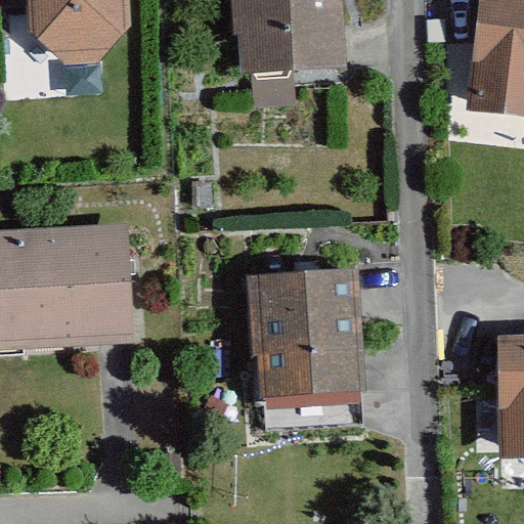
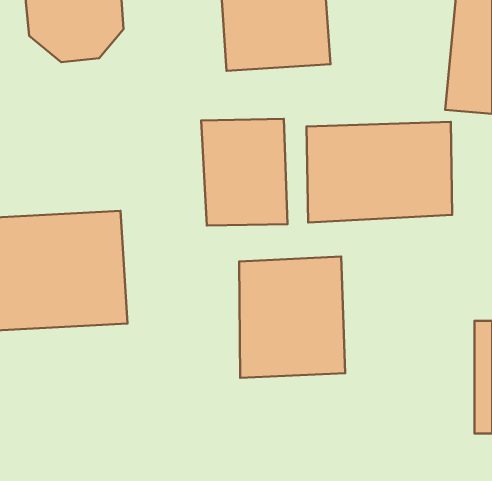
building: none -> [201,119,287,225]
building: none -> [307,122,452,222]

